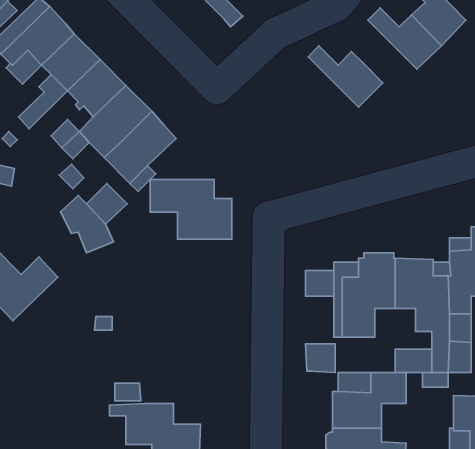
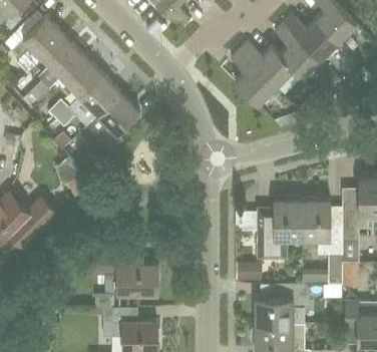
building: none -> [275,24,319,78]
building: none -> [230,51,276,107]
building: [150,179,232,239] -> [98,251,158,295]

